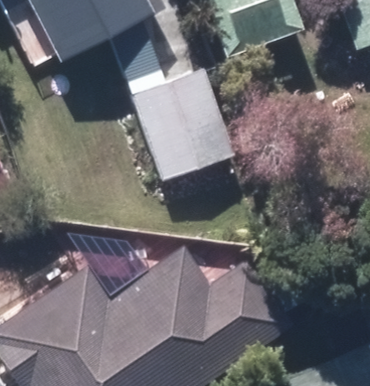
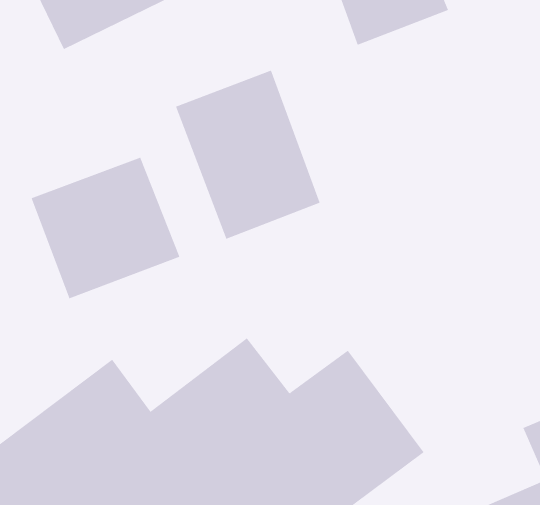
building: none -> [31,157,180,299]

